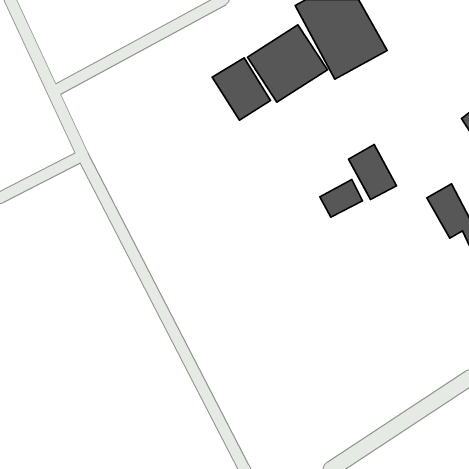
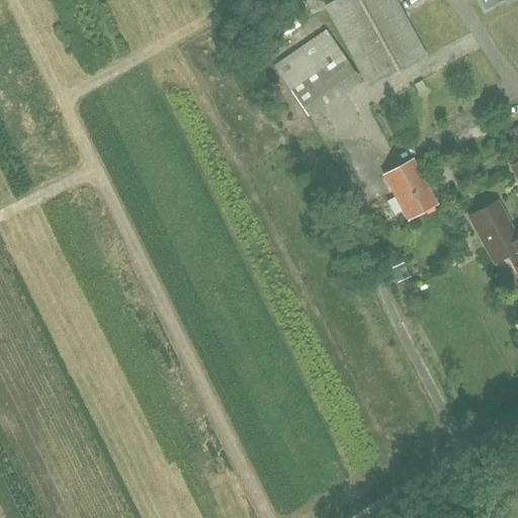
building: [212,58,271,120] -> none
building: [320,180,362,217] -> none

